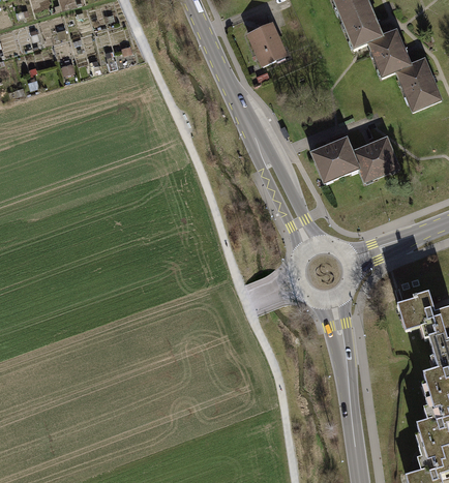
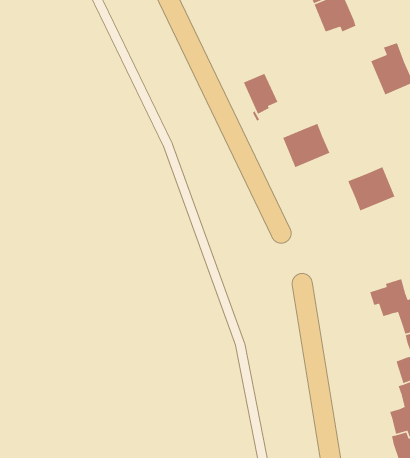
building: [249,23,285,64] -> [243,73,278,115]
building: [370,29,414,76] -> none
building: [352,135,399,180] -> [347,166,395,211]

